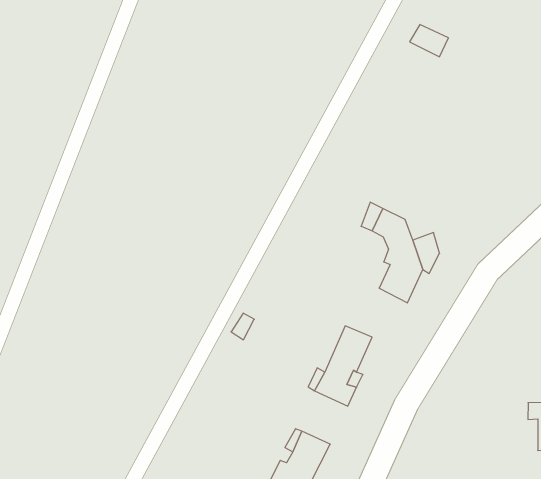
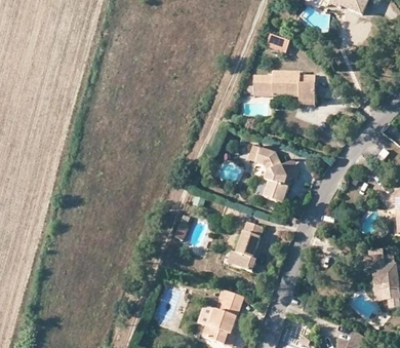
building: none -> [252,71,313,102]

